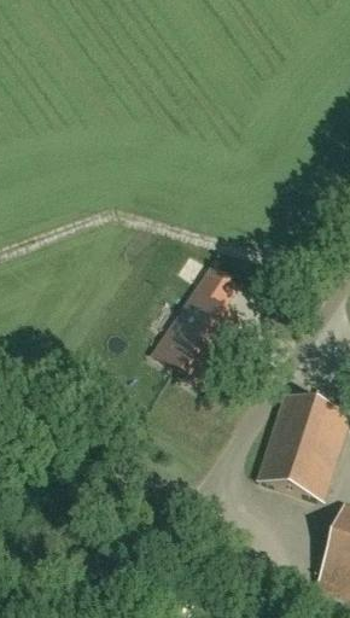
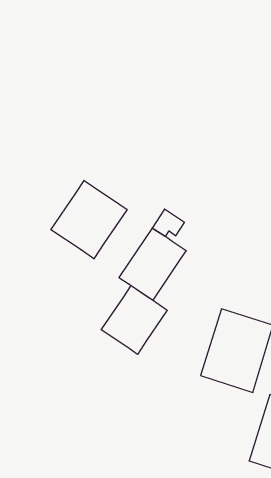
building: none -> [51,180,127,259]
building: none -> [101,286,167,354]

